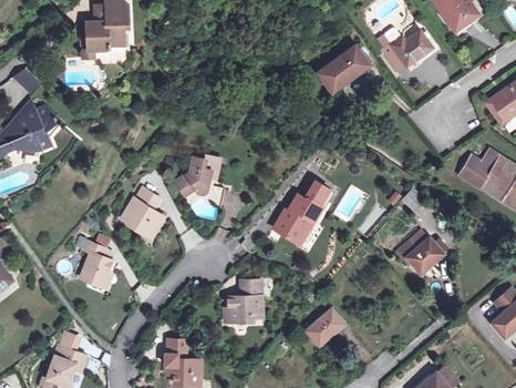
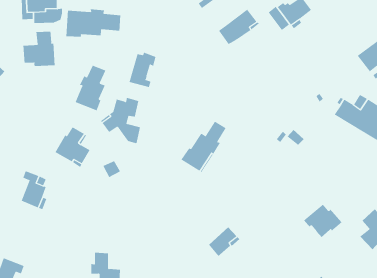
building: none -> [66,8,121,37]
building: none -> [23,31,55,67]
building: none -> [129,52,156,88]
building: none -> [75,65,106,111]
building: [395,231,443,272] -> [303,204,343,238]
building: [228,279,262,321] -> none

